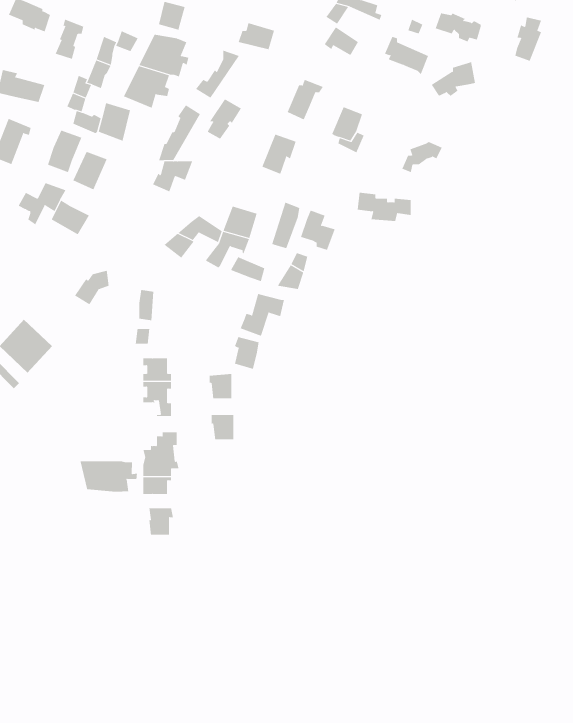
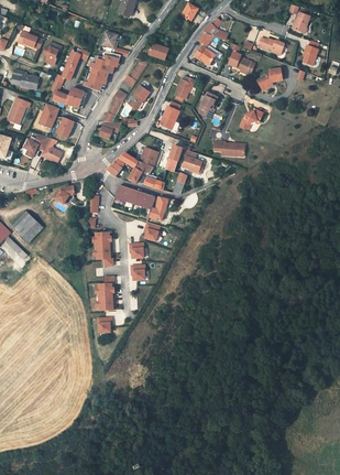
building: none -> [113,185,154,210]
building: [80,461,138,493] -> none

